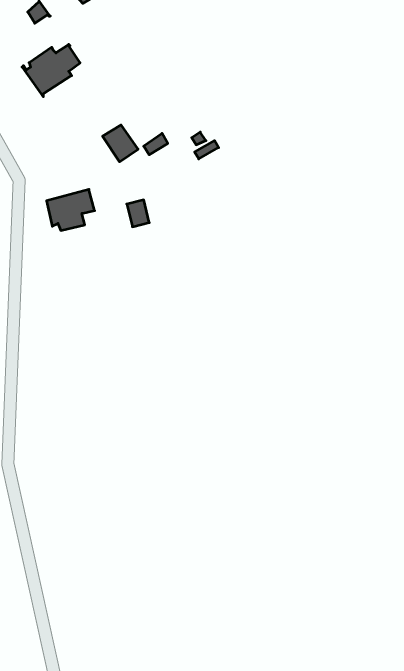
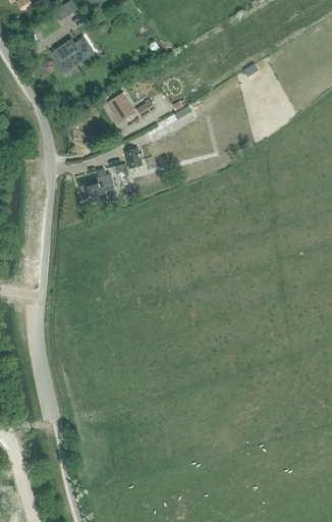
building: [47,189,95,230] -> [79,172,114,202]

